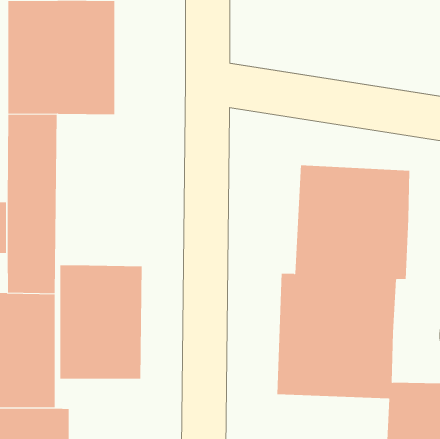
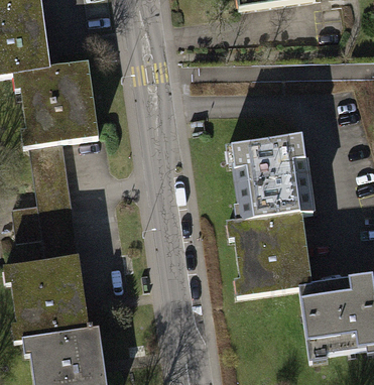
building: [60,264,142,380] -> none

